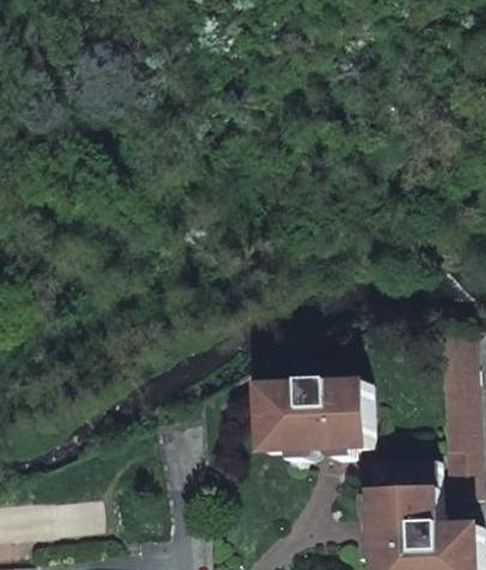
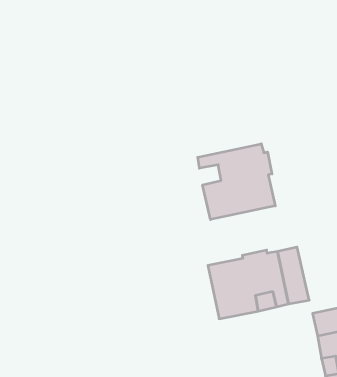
building: none -> [198,144,275,220]

